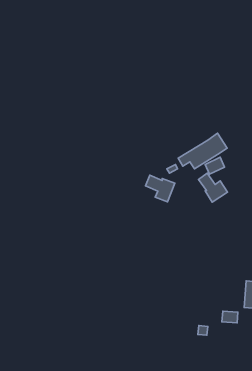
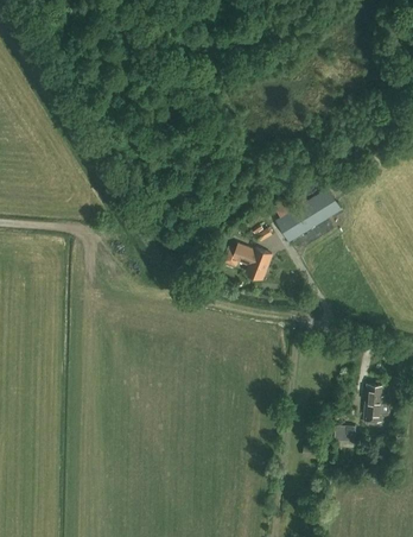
building: [199,173,227,202] -> none

